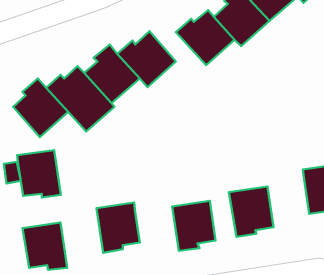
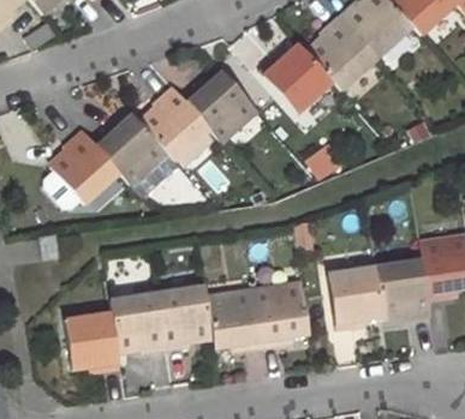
building: [17,150,61,198] -> [111,294,166,354]
building: none -> [375,261,430,321]
building: none -> [207,292,262,351]

